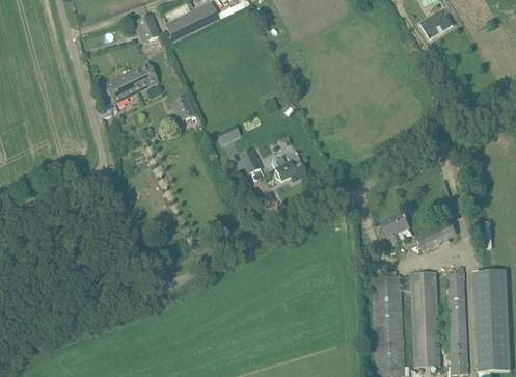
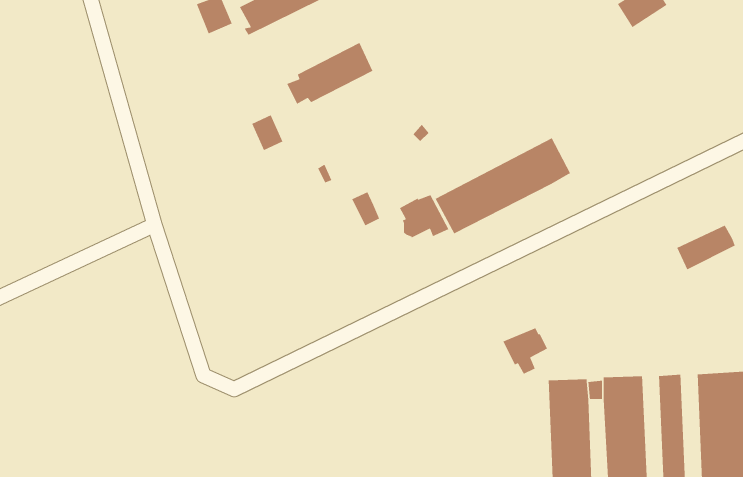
building: [98,60,157,103] -> [286,42,374,105]
building: none -> [435,137,571,235]
building: [379,211,410,243] -> [502,327,548,375]
building: [415,218,456,249] -> [676,224,736,270]

